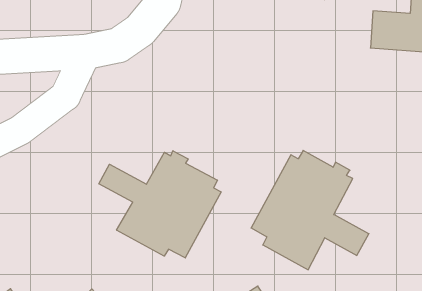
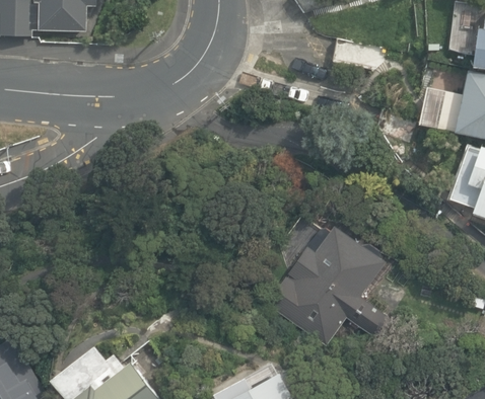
building: [99,151,221,258] -> none

